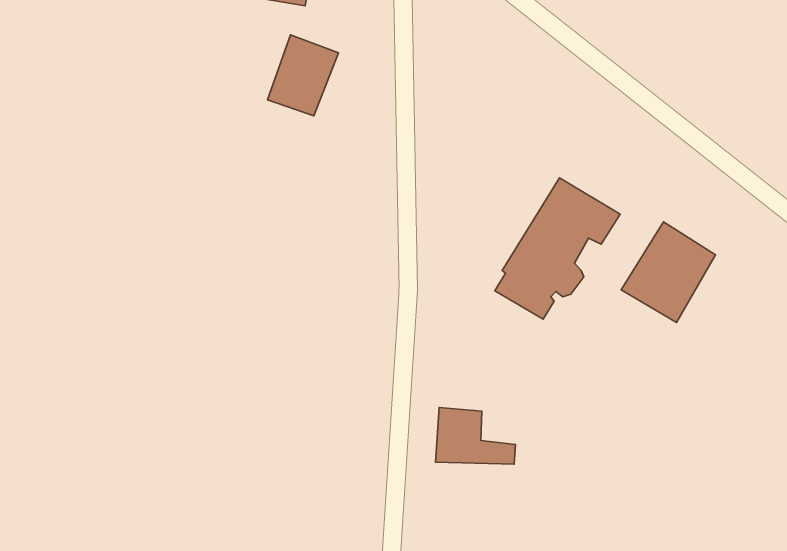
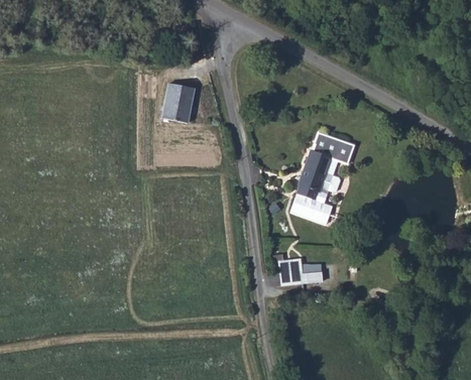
building: [621,222,716,323] -> none
building: none -> [290,195,330,224]

